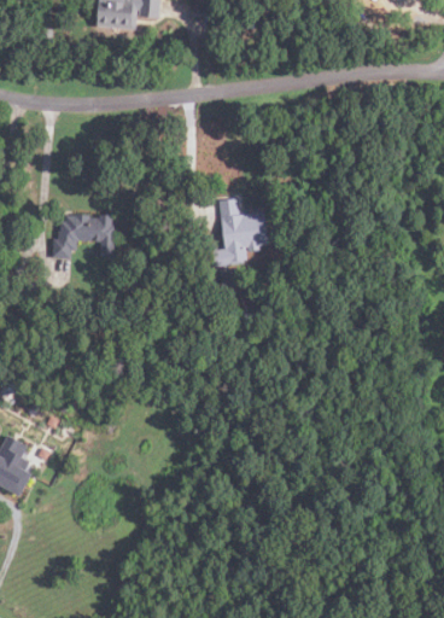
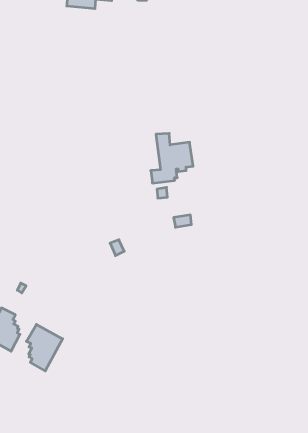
building: [52,210,113,258] -> none
building: none -> [26,324,63,371]

